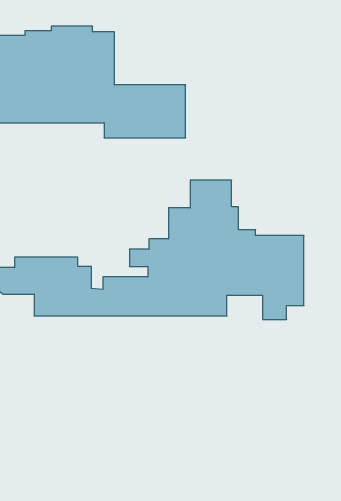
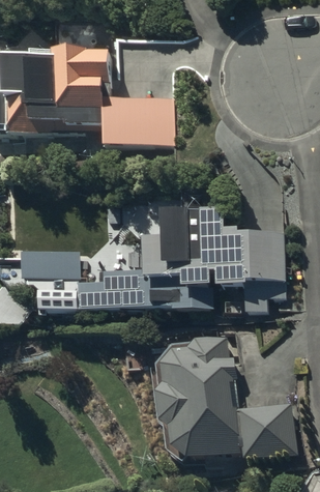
building: none -> [155,336,294,458]

